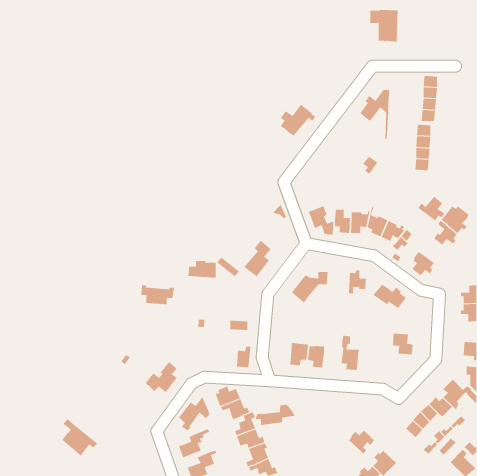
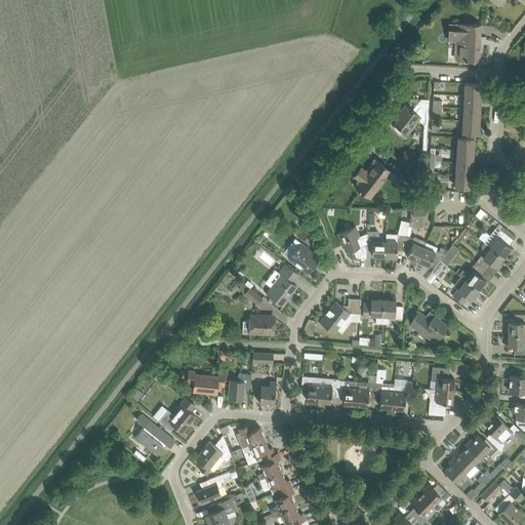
building: [369,9,398,42] -> [449,25,481,60]
building: [280,104,316,136] -> [355,162,395,198]
building: [417,196,445,221] -> [457,262,488,290]
building: none -> [288,239,318,274]
building: [188,260,217,278] -> [242,316,274,335]
building: none -> [362,296,383,323]
building: [140,284,175,305] -> [188,371,226,394]
building: none -> [228,373,250,400]
building: none -> [300,376,320,402]
building: none -> [355,381,376,406]
building: none -> [393,381,412,409]
building: none -> [423,389,453,415]
building: [255,404,296,426] -> none
building: [62,418,98,456] -> [135,414,175,456]
building: [348,430,375,455] -> [420,484,450,512]

